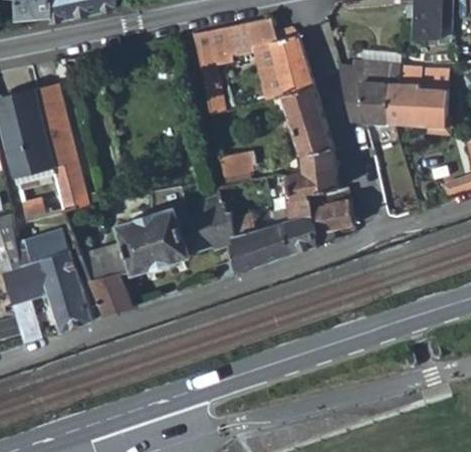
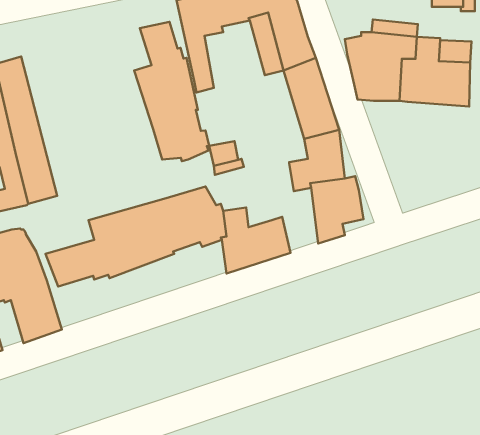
building: none -> [134,22,209,161]
building: [271,174,314,253] -> none
building: [89,273,133,316] -> none

